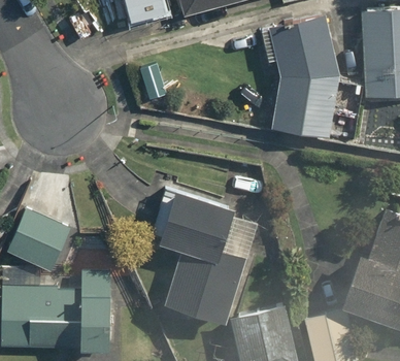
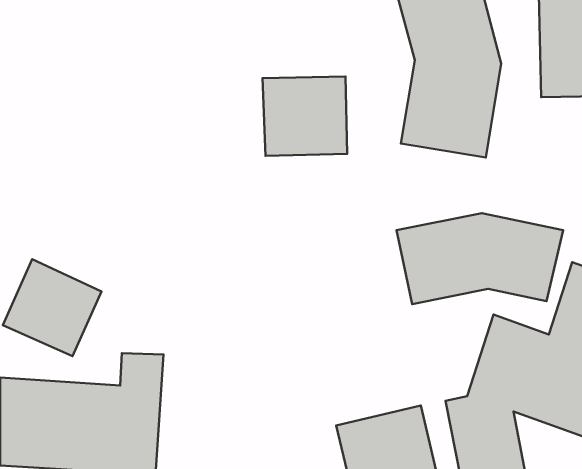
building: none -> [262,77,347,156]
building: none -> [396,213,563,304]
building: [153,188,256,324] -> none

